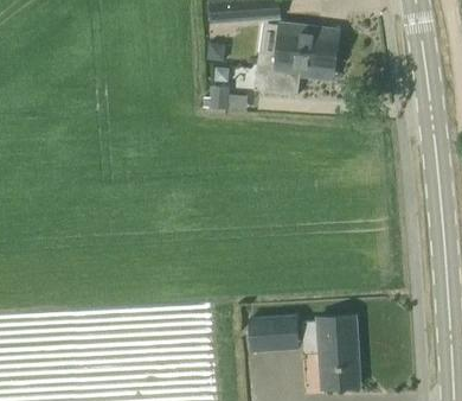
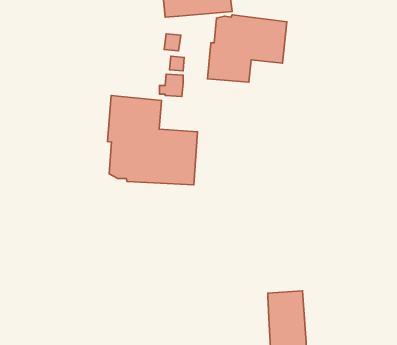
building: none -> [108,96,197,185]
building: [250,316,297,350] -> none

